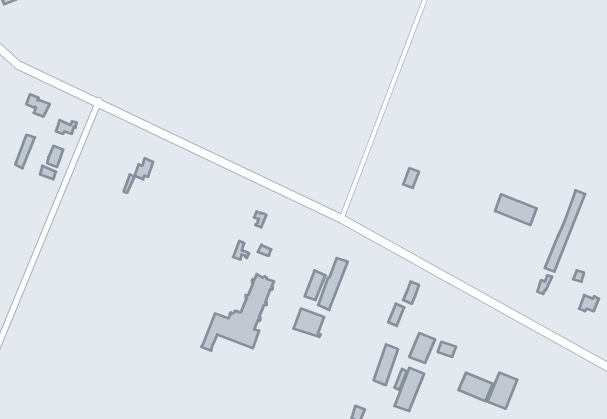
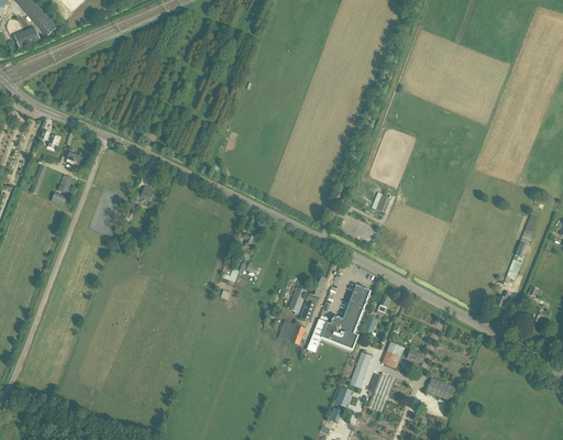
building: [495,194,537,225] -> none
building: [201,274,274,351] -> [306,283,371,351]
building: [487,373,517,409] -> none

